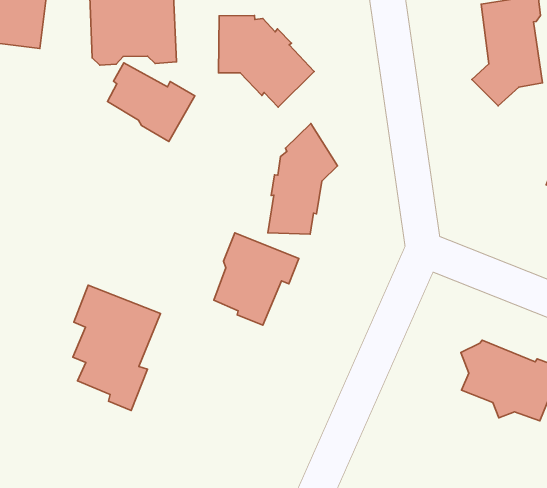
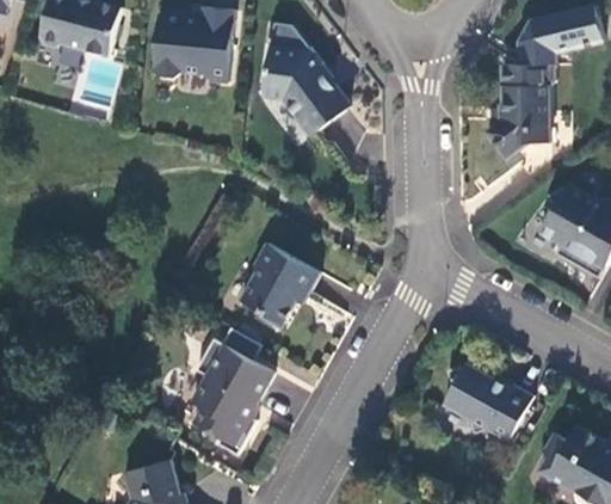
building: [108,63,195,141] -> none
building: [268,124,337,234] -> none
building: [73,285,161,411] -> [191,339,273,455]

